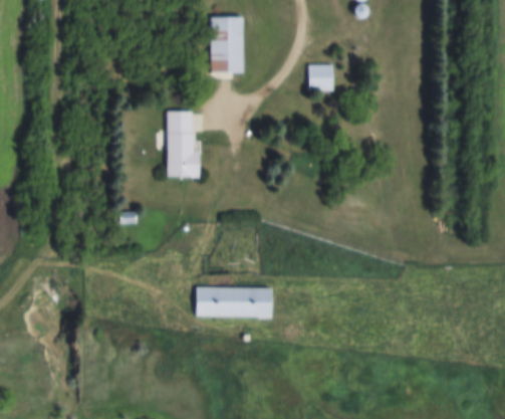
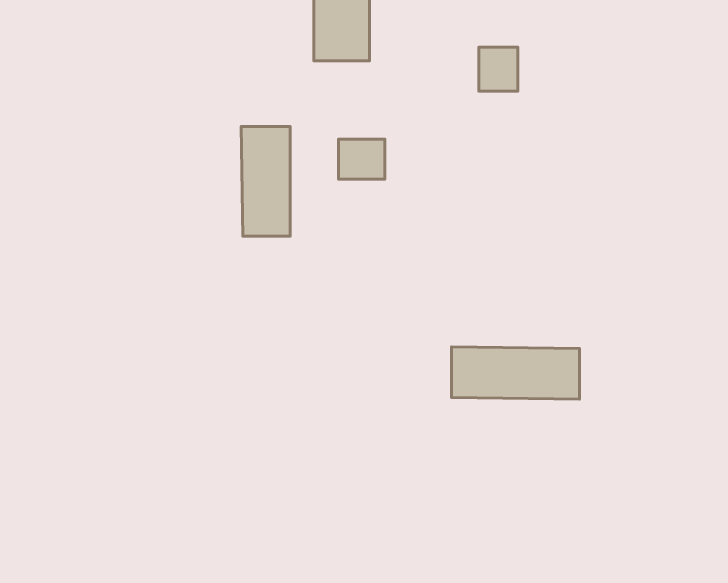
building: none -> [338,139,385,179]
building: [196,286,272,318] -> [451,347,579,399]

